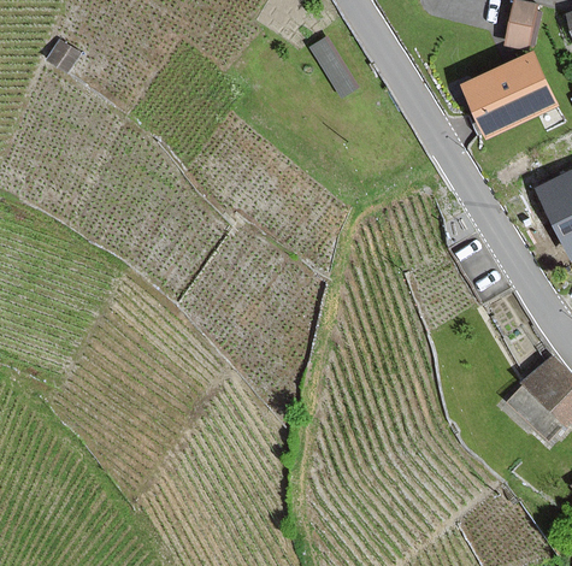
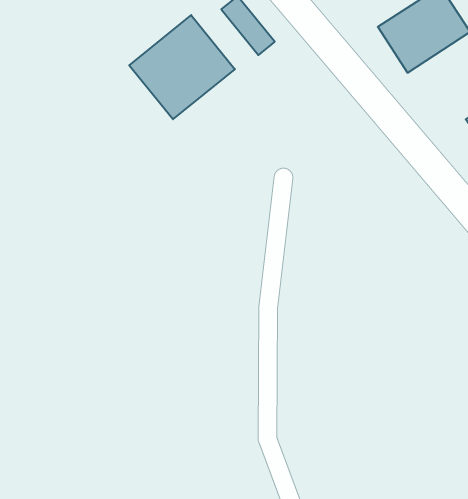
building: none -> [129,15,235,119]

